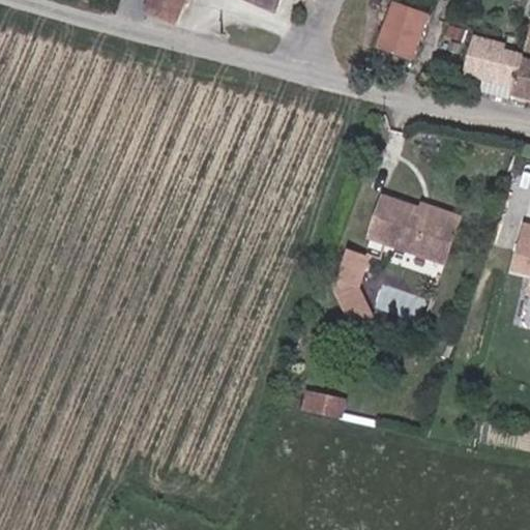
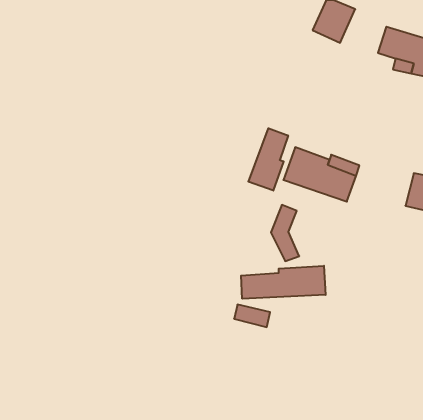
building: none -> [248,128,288,191]
building: none -> [241,266,326,299]

